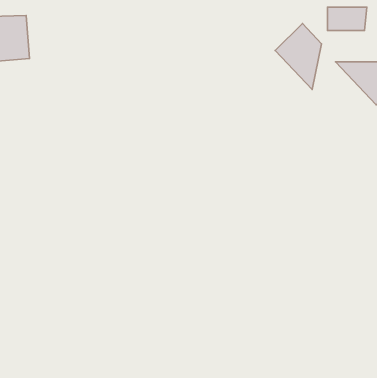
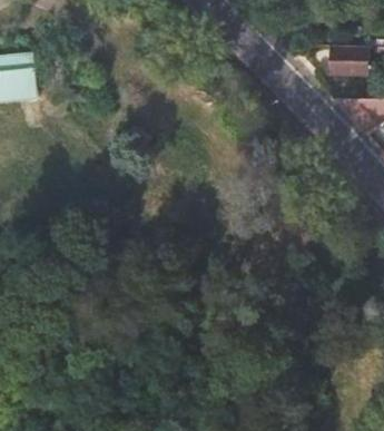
building: [275,24,321,89] -> none

